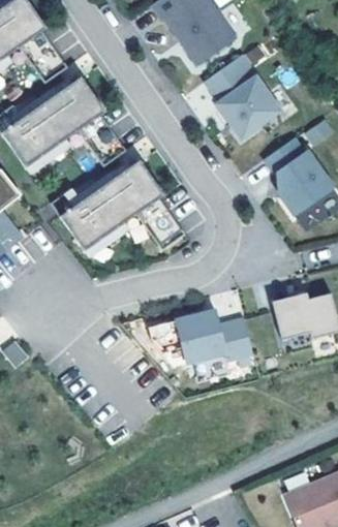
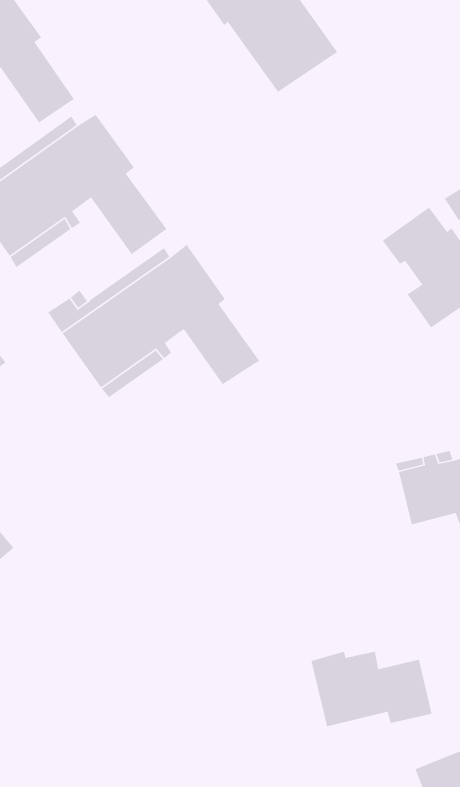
building: [203,55,278,137] -> none
building: [175,313,252,362] -> [310,651,432,727]

